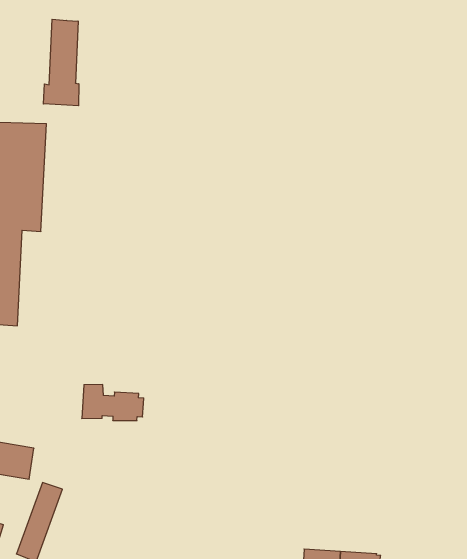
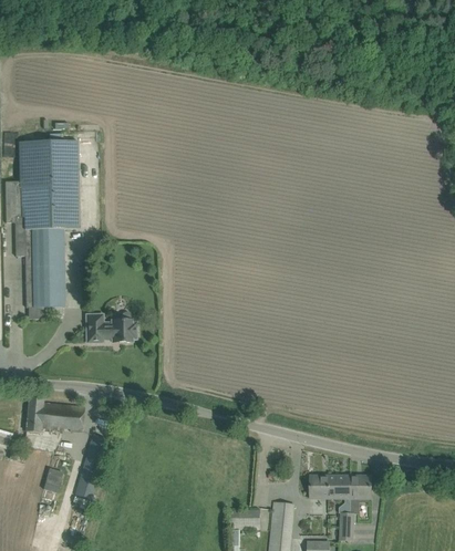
building: [43,19,79,106] -> none
building: [82,385,144,421] -> [86,313,136,342]

